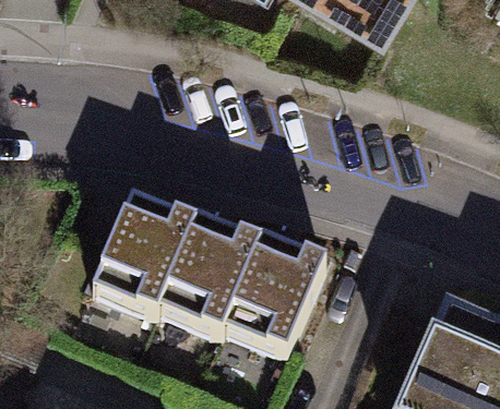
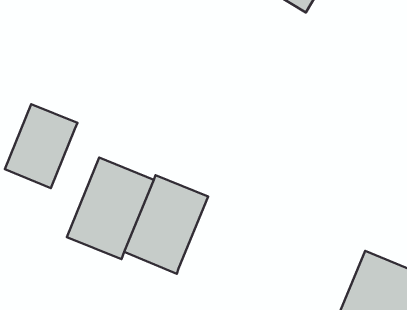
building: none -> [5,104,77,188]
building: [224,233,328,351] -> none

